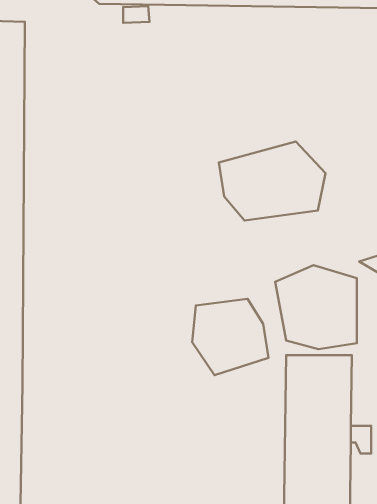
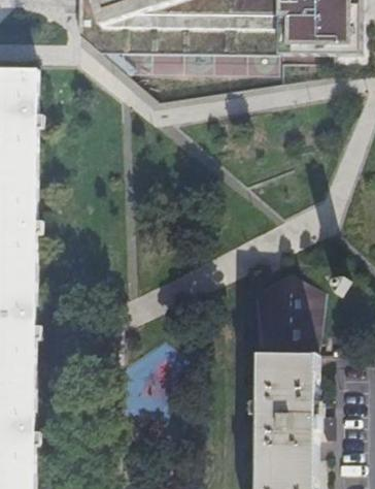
building: [219,142,326,221] -> none
building: [192,299,268,375] -> none

